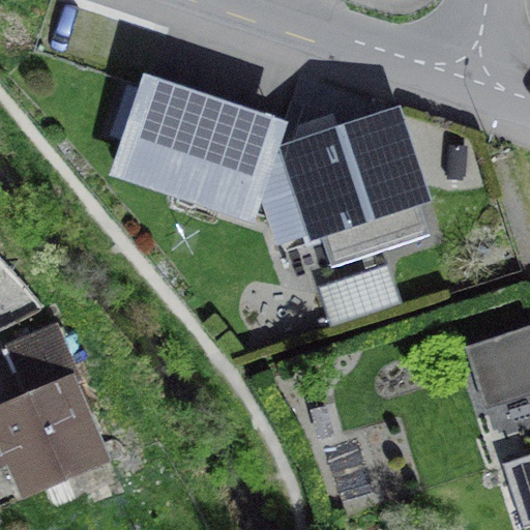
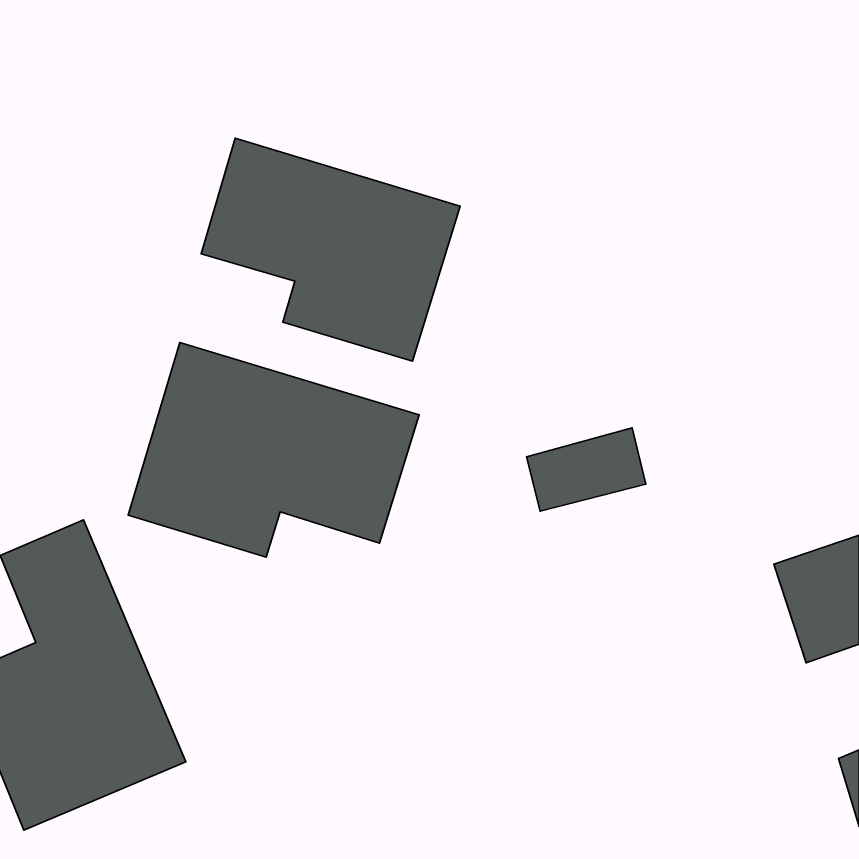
building: [275,121,424,253] -> none
building: none -> [128,342,419,557]

